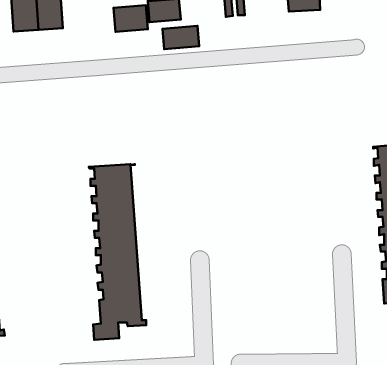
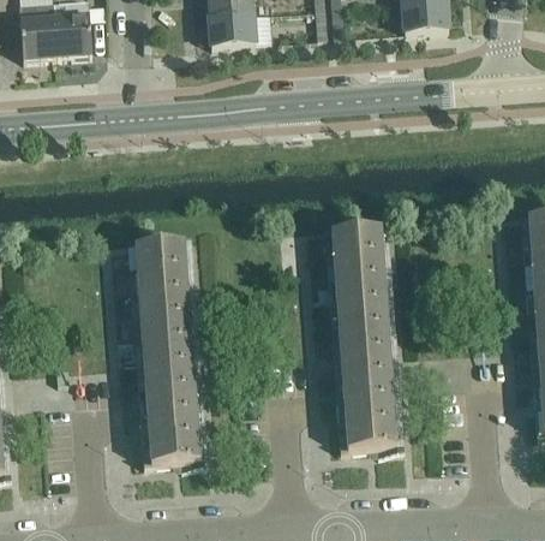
building: [114,5,148,32] -> none
building: [163,26,199,49] -> none
building: none -> [324,228,403,454]

